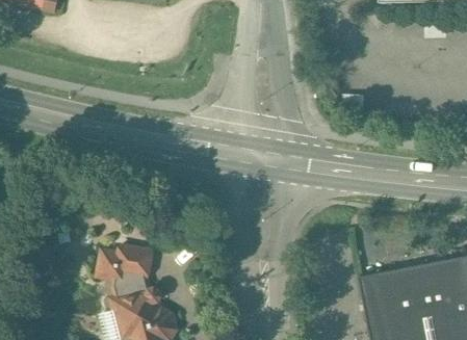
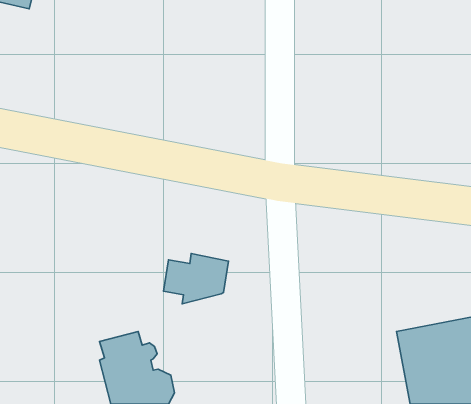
building: [97,244,151,286] -> [163,254,229,304]

